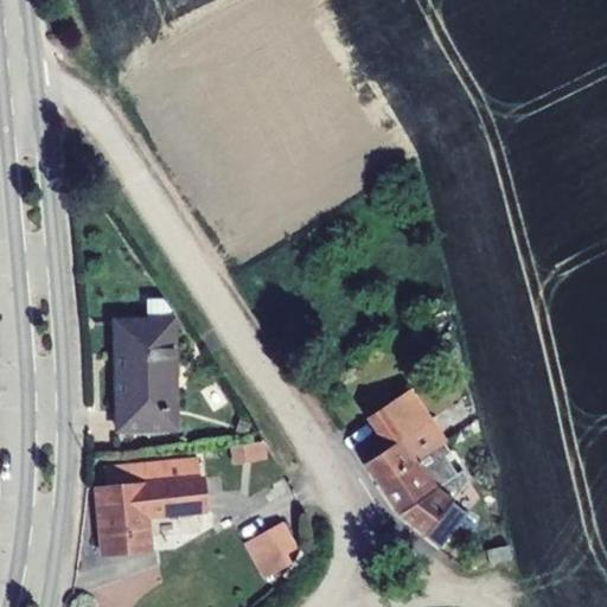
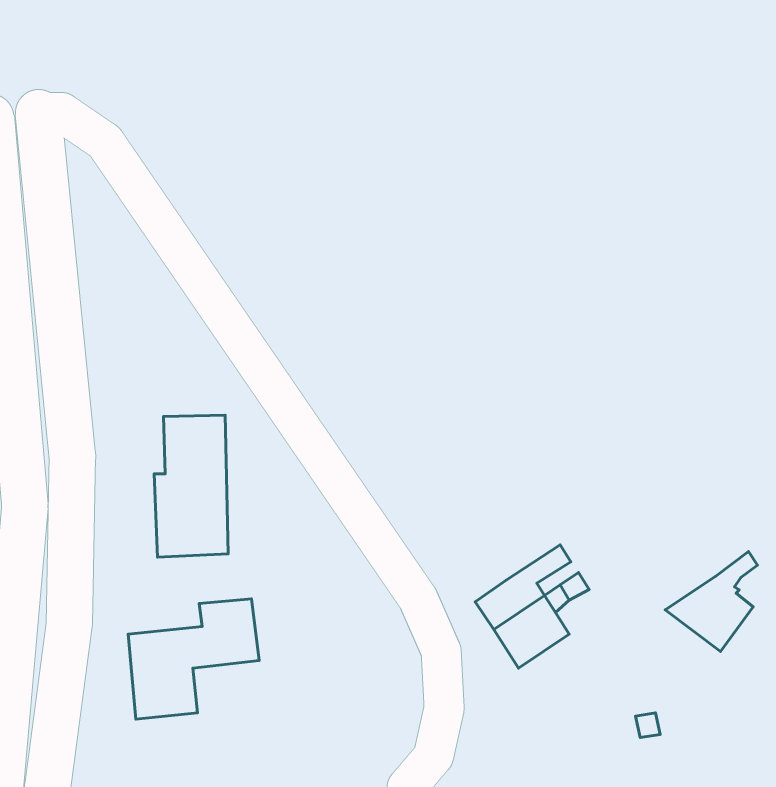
building: [369,389,430,446] -> none
building: [398,468,469,545] -> [665,551,758,652]
building: [236,525,290,581] -> none

